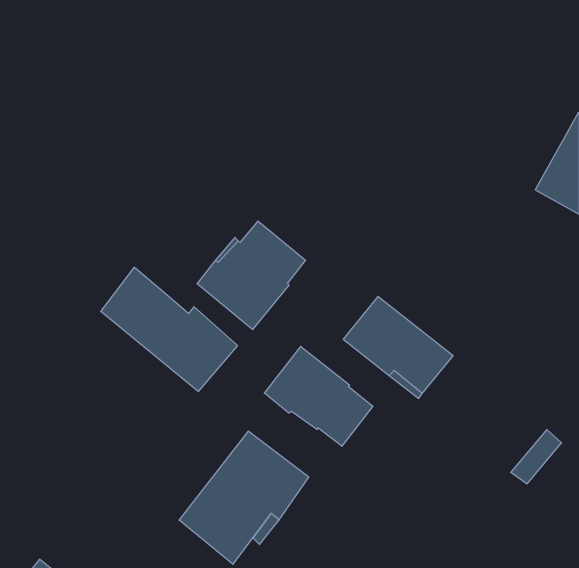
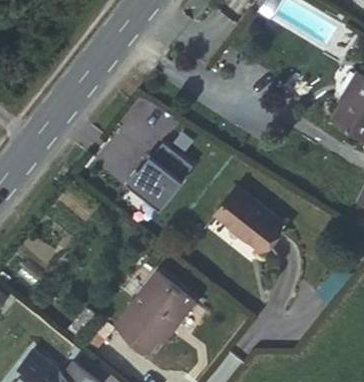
building: [101,267,237,392] -> none
building: [264,346,373,446] -> none

